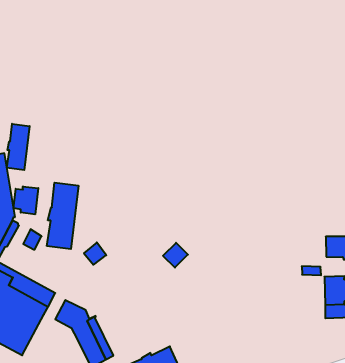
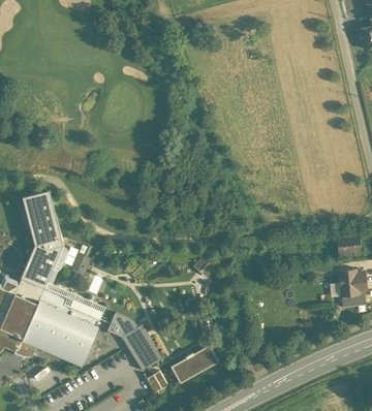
building: [7,124,30,170] -> none
building: [47,183,78,249] -> none
building: [14,186,38,214] -> none

